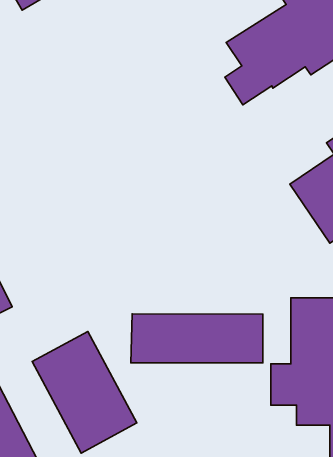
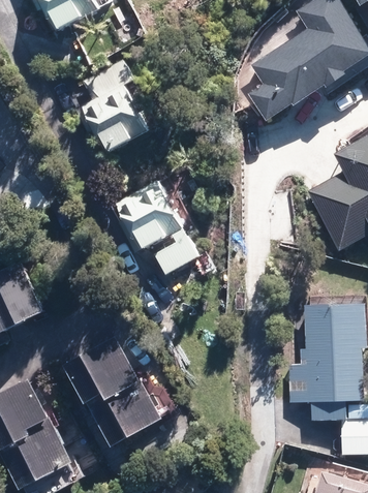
building: none -> [84,59,158,151]
building: none -> [114,162,201,274]
building: [131,314,263,363] -> none

